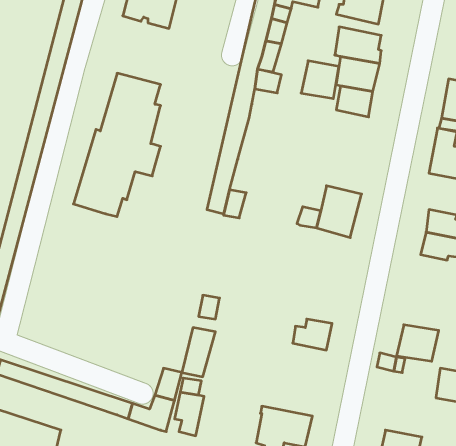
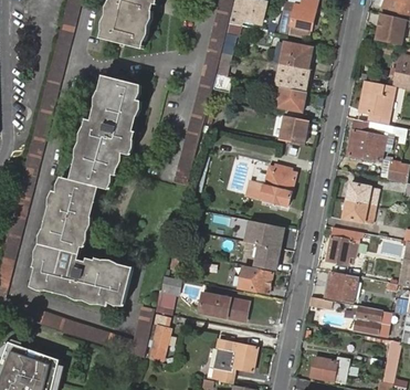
building: [301,61,339,99] -> [276,114,306,144]
building: none -> [30,178,130,304]
building: none -> [244,219,284,270]
building: none -> [325,228,360,265]
building: none -> [201,294,251,323]

